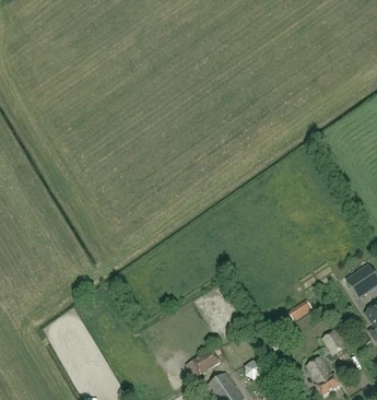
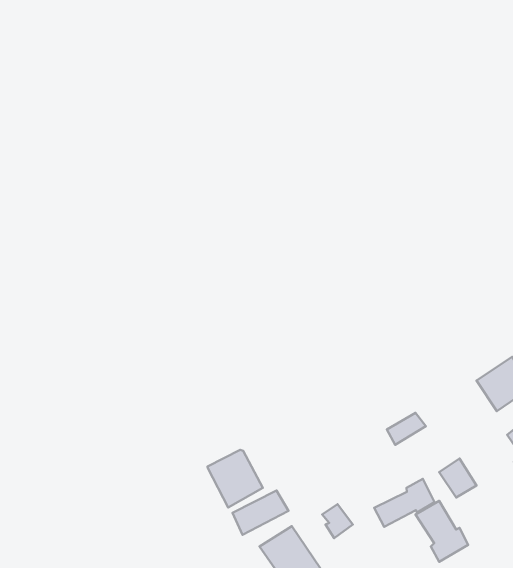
building: none -> [207,450,263,507]
building: none -> [374,479,435,527]

